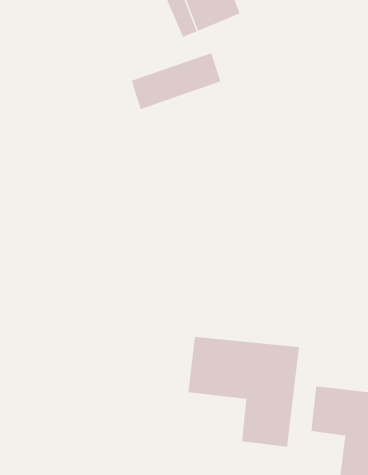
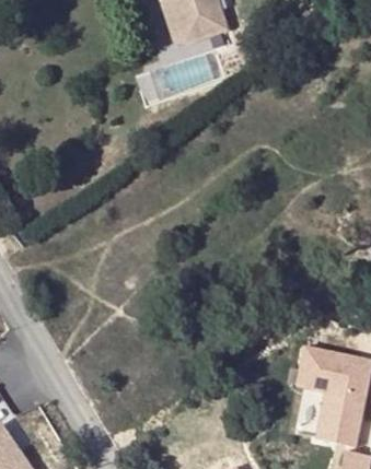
building: [188,336,299,448] -> none

